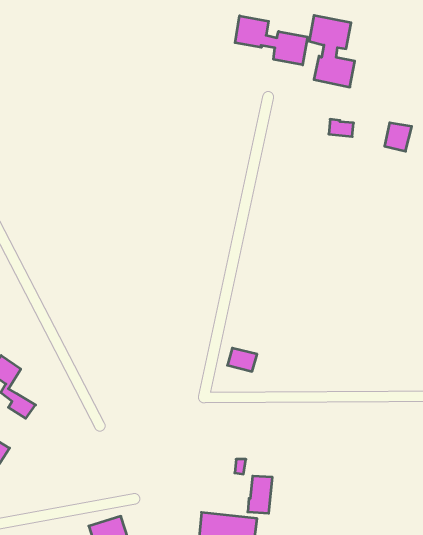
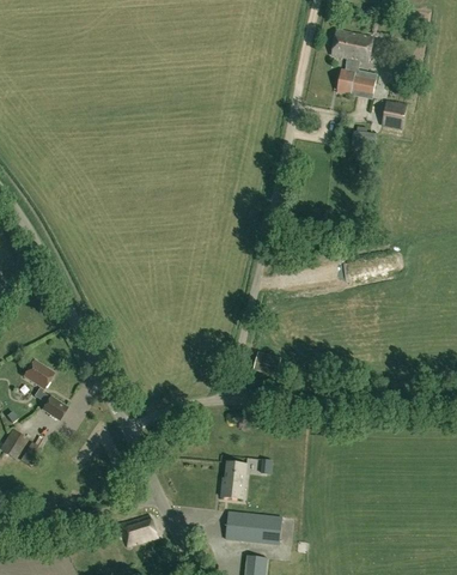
building: [235,16,308,65] -> none
building: [385,123,412,151] -> [382,101,408,128]
building: [248,476,272,513] -> [221,461,245,497]

